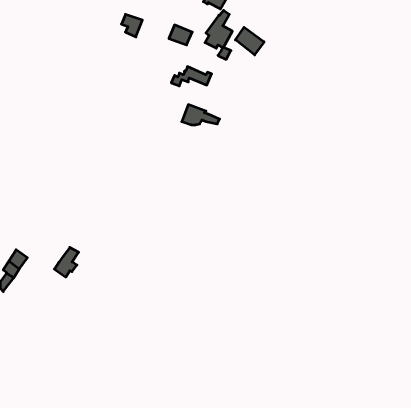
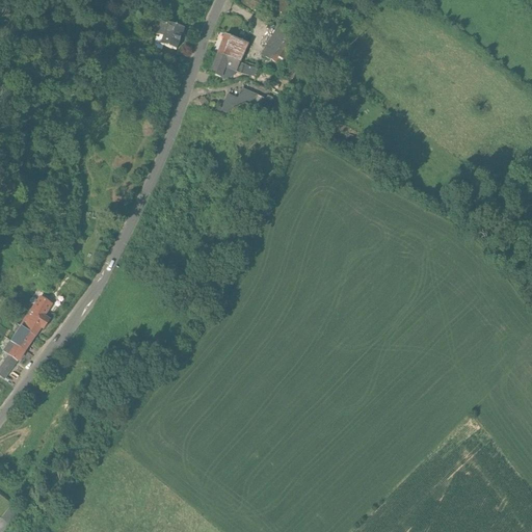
building: [235,27,264,55] -> none
building: [182,105,220,125] -> [210,50,259,76]
building: [54,247,79,277] -> [21,295,52,334]

